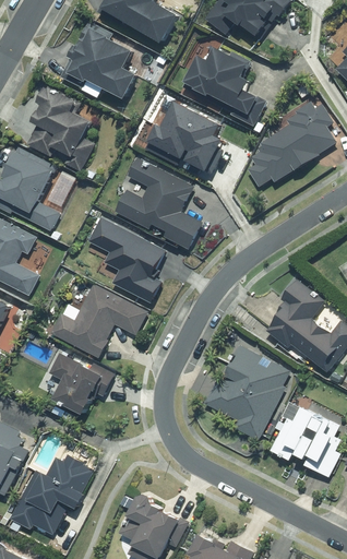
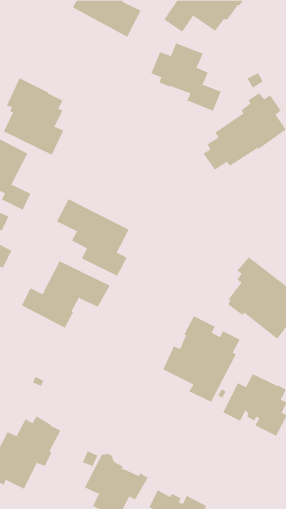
building: [71,27,139,98] -> none
building: [151,100,227,171] -> none
building: [115,160,202,249] -> none
building: [47,171,75,207] -> none
building: [46,354,111,417] -> none

